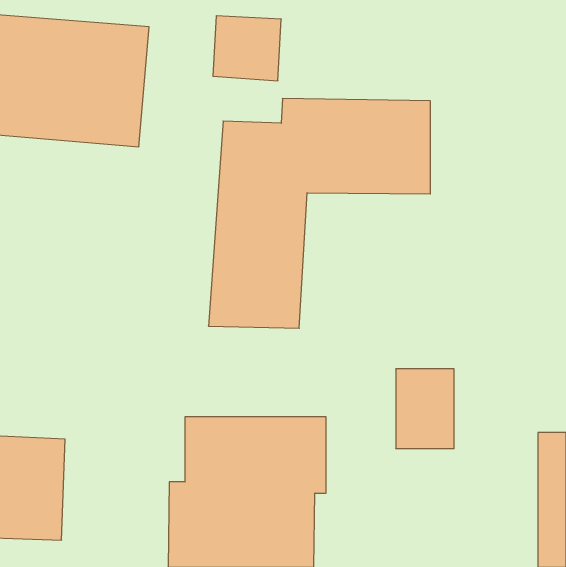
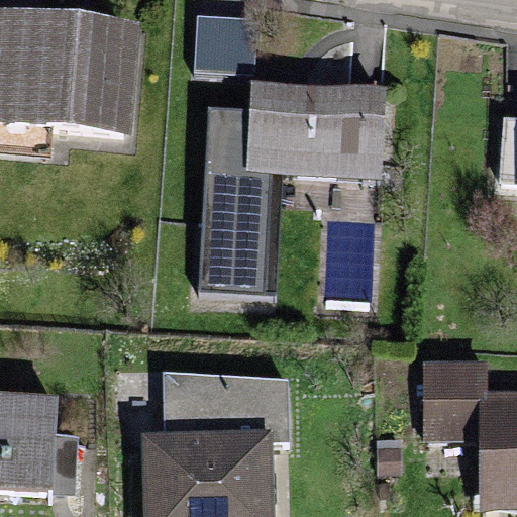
building: [396,369,454,449] -> [432,365,485,436]

